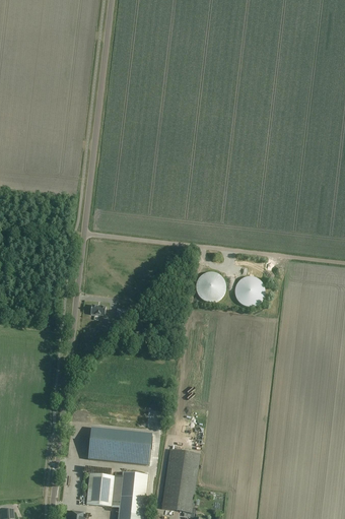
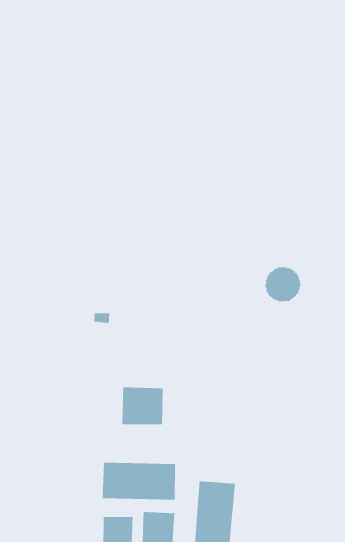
building: [195,270,225,301] -> none
building: none -> [122,386,164,425]

